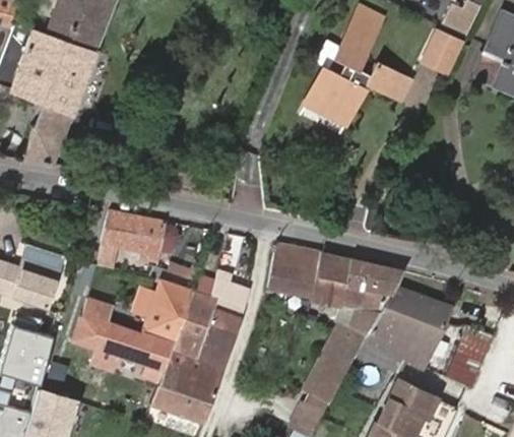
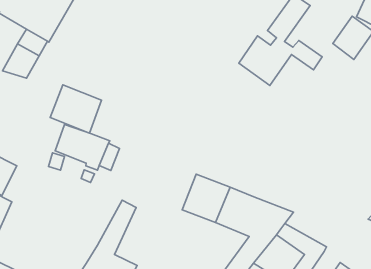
building: none -> [50,85,101,133]
building: [194,269,248,367] -> none
building: [71,279,193,374] -> none

